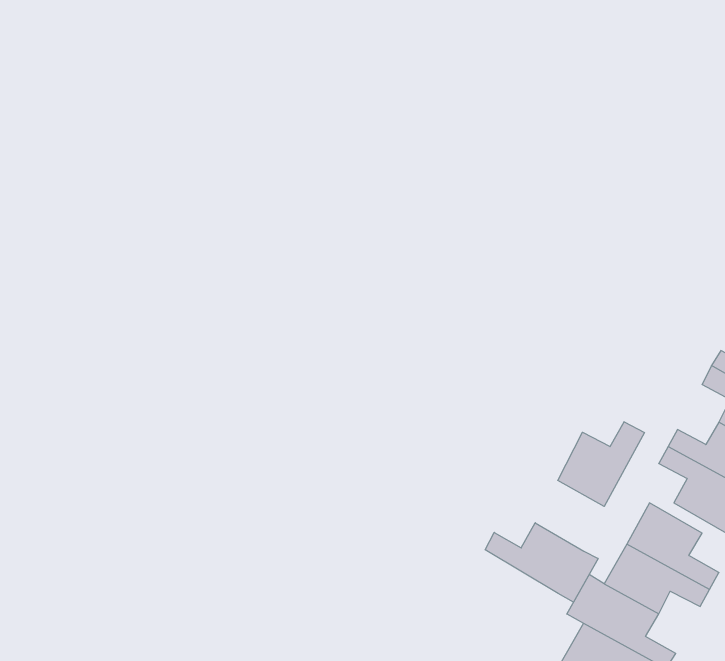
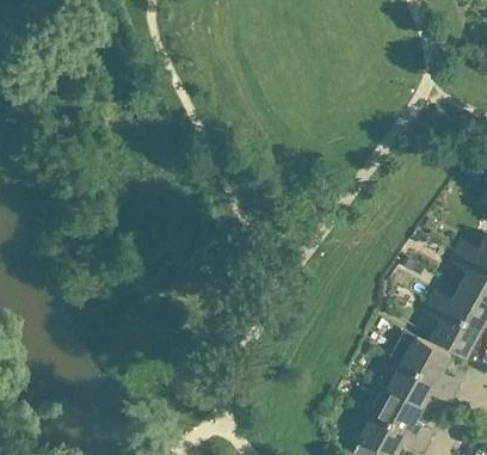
building: [558,422,644,506] -> none
building: [485,523,598,602] -> none

